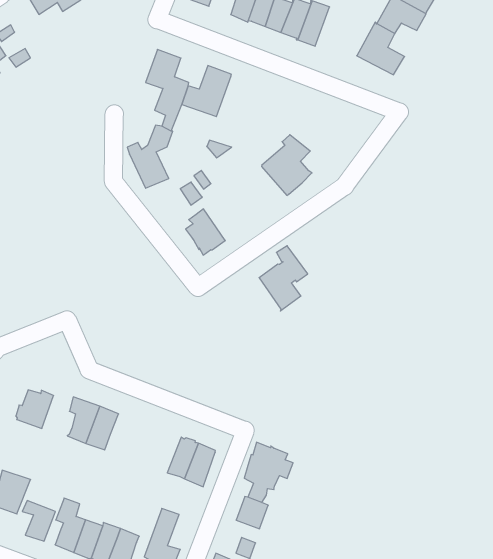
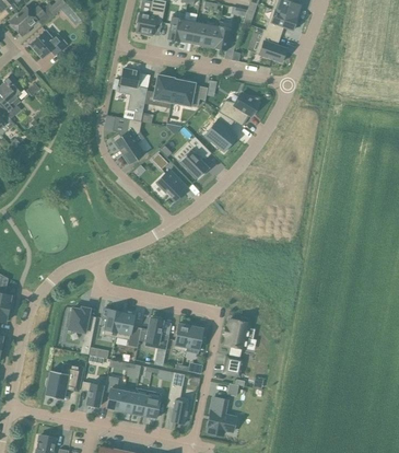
building: none -> [168,78,199,107]
building: none -> [218,92,258,126]
building: [259,246,308,311] -> [179,136,211,179]
building: none -> [139,317,168,349]

